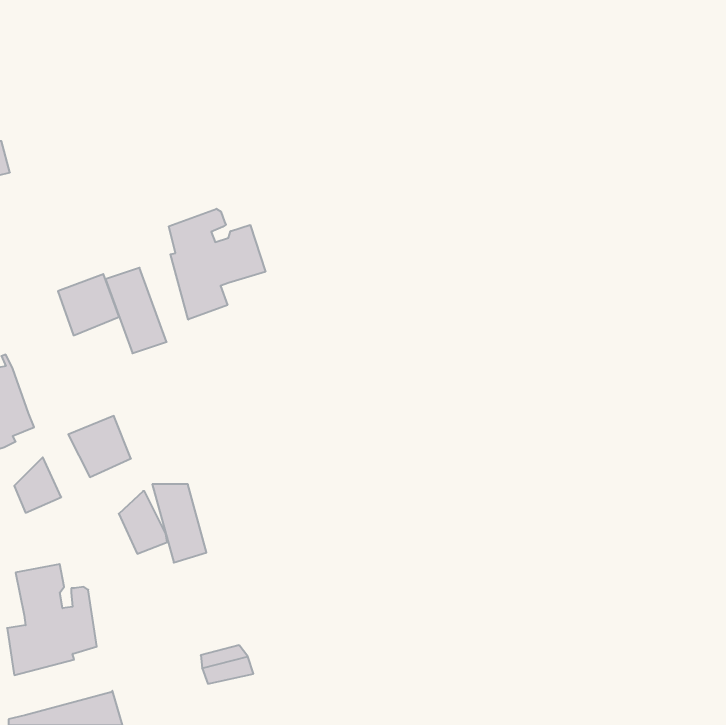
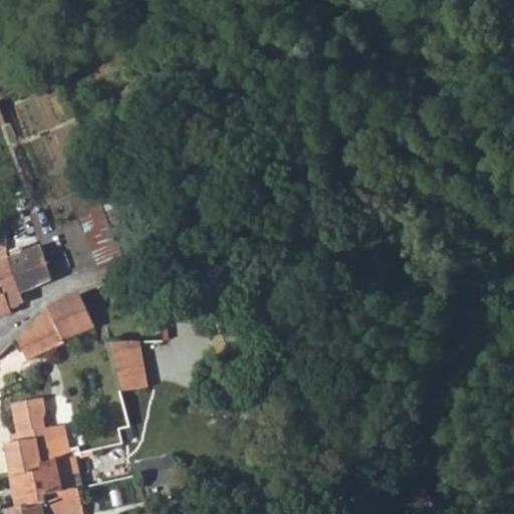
building: [169,209,265,320] -> none
building: [58,274,119,335] -> [9,248,52,291]
building: [119,491,167,554] -> [30,306,64,350]
building: none -> [10,461,78,504]

